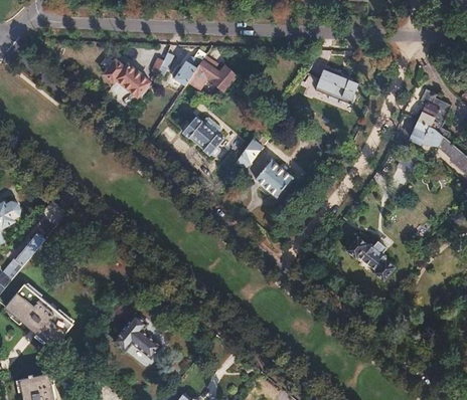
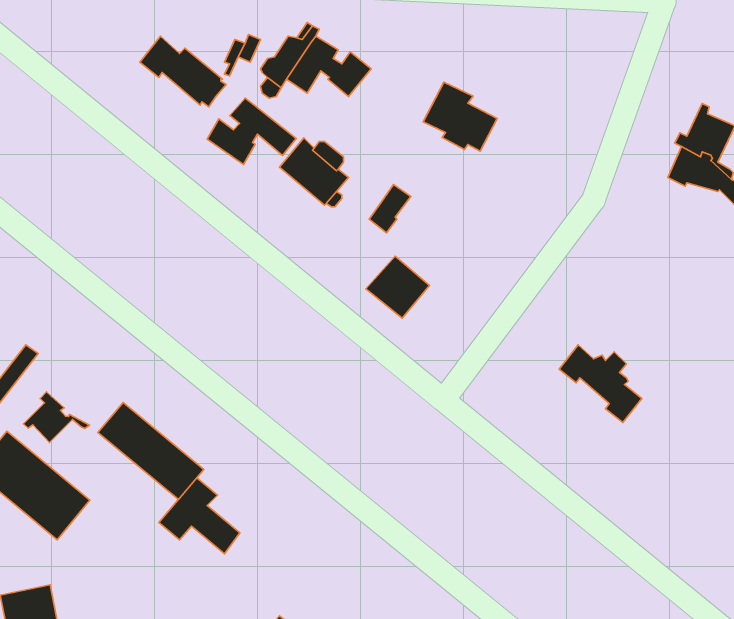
building: [319,60,362,101] -> [423,82,497,151]
building: none -> [207,98,296,164]
building: [254,160,291,196] -> [366,256,430,318]
building: none -> [24,392,90,443]
building: none -> [98,402,204,499]

